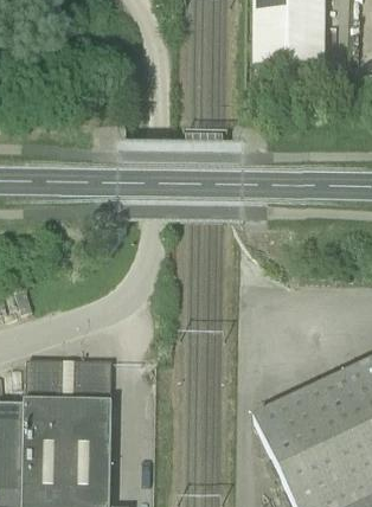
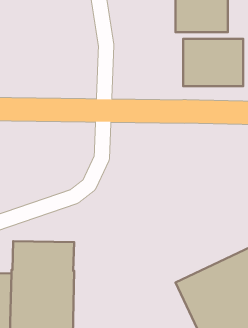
building: none -> [183,39,243,86]

